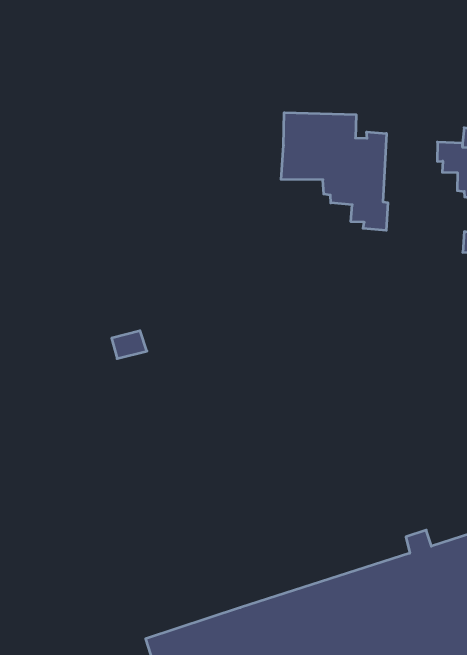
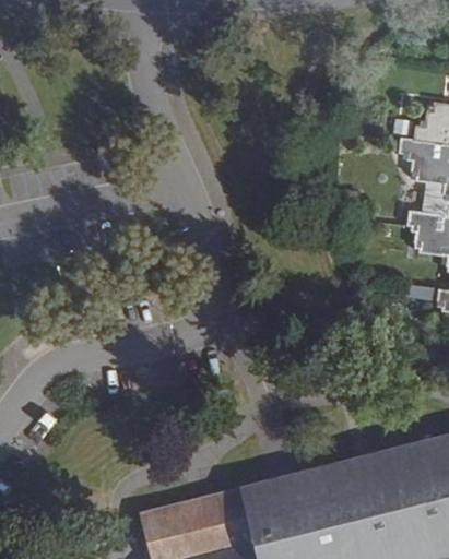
building: [281,113,388,230] -> none

